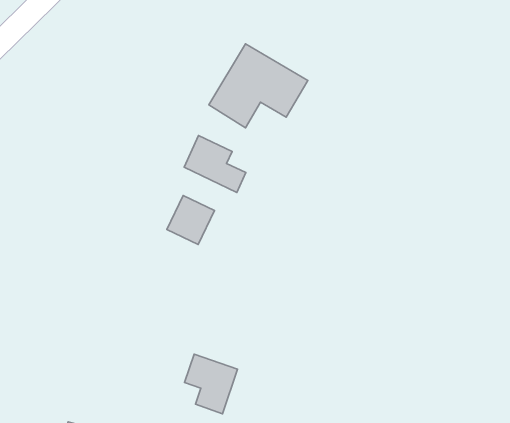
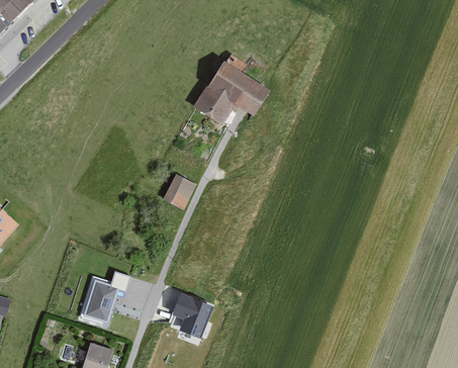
building: [184,136,246,193] -> none
building: none -> [82,270,130,321]

